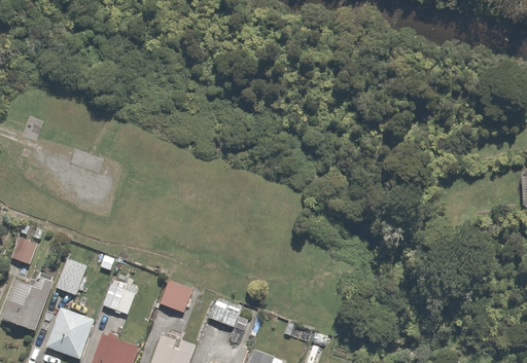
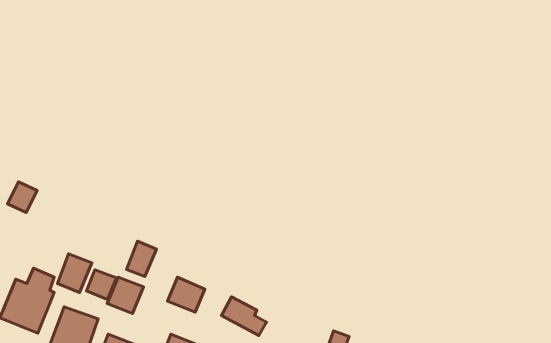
building: [9,237,37,265] -> [7,182,37,213]
building: none -> [126,241,156,277]
building: none -> [87,270,117,300]

